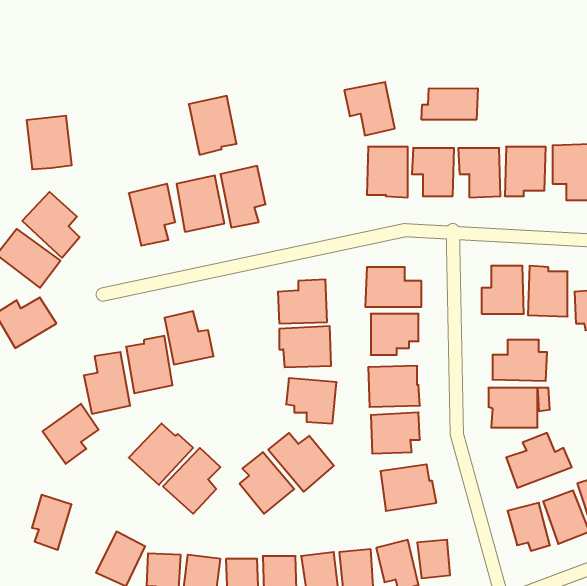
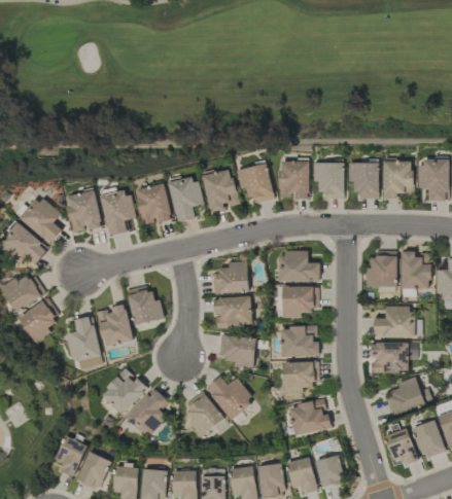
building: [344,82,395,135] -> [237,164,275,204]
building: [422,88,478,120] -> none
building: [189,96,237,155] -> [203,169,239,213]
building: [27,116,72,169] -> [67,191,101,231]
building: [43,404,99,464] -> [18,297,60,343]
building: [32,495,72,550] -> [57,436,86,477]

